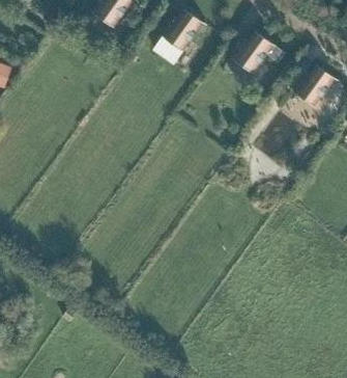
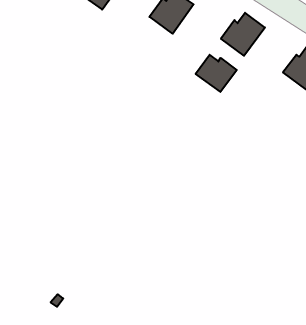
building: none -> [196,55,237,92]

